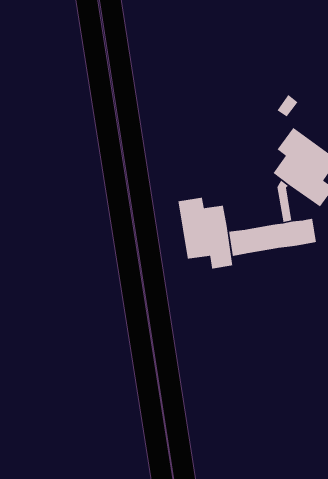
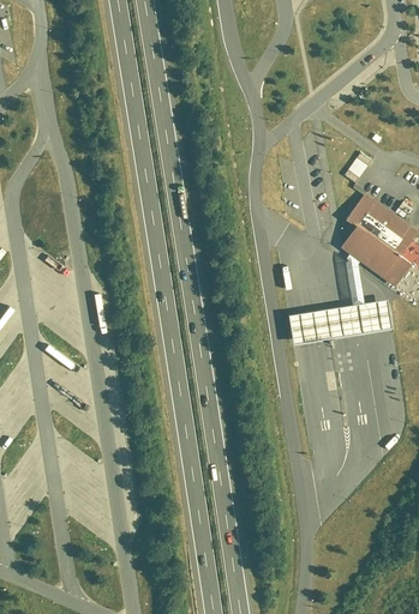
building: [178,197,233,270] -> none

